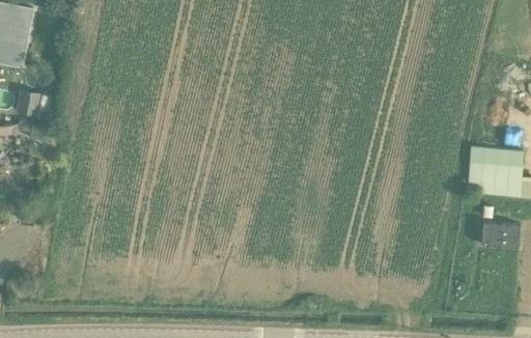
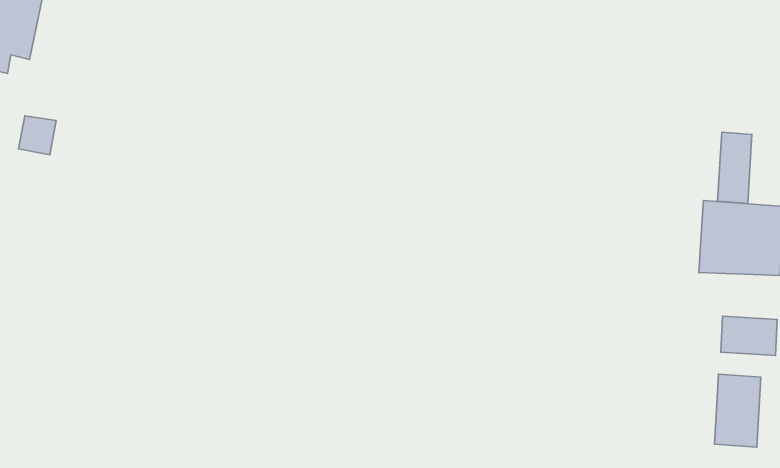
building: none -> [718,132,752,203]
building: none -> [715,374,761,447]

